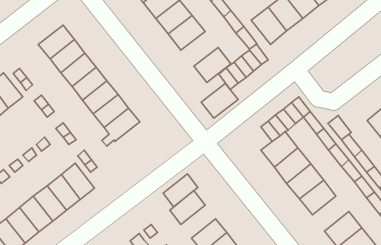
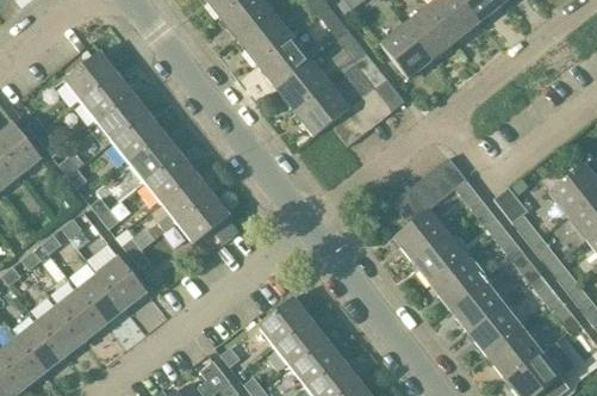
building: [201,83,238,118] -> [274,61,329,112]
building: none -> [176,194,230,245]
building: [163,174,198,207] -> [274,317,325,366]
building: none -> [468,304,522,355]

